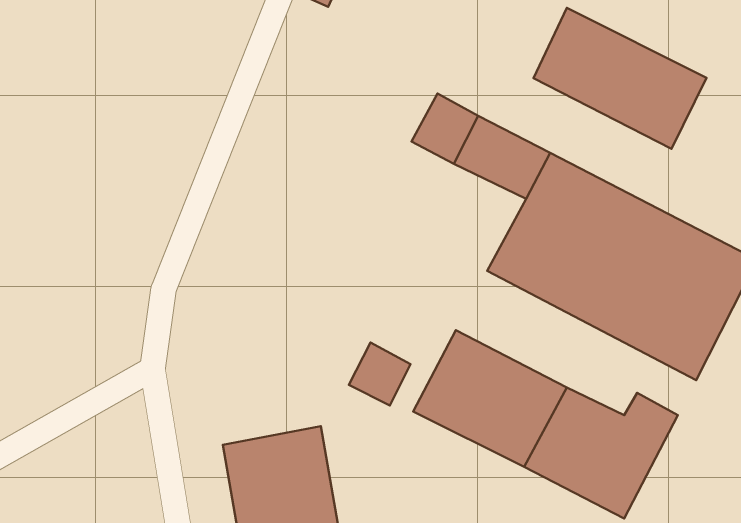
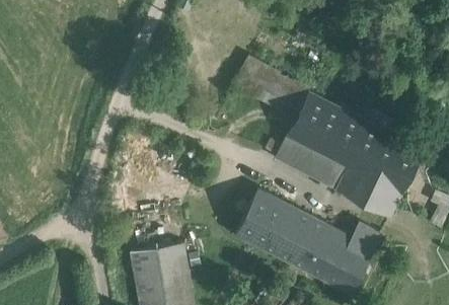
building: [533,8,706,149] -> none
building: [349,343,411,405] -> none

